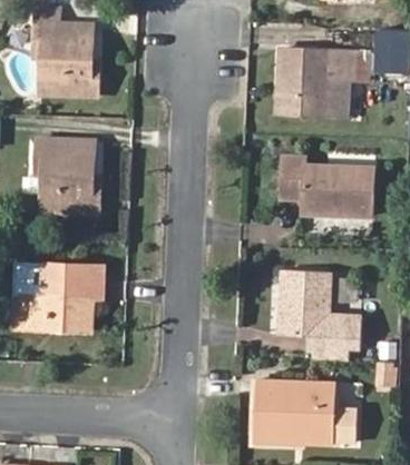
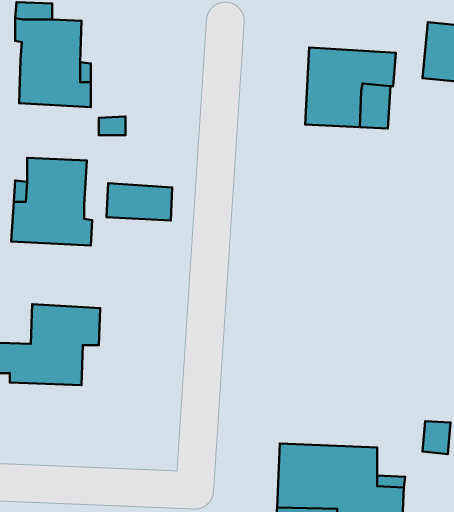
building: [279,152,373,214] -> none
building: none -> [106,183,172,220]
building: [280,265,363,360] -> none

